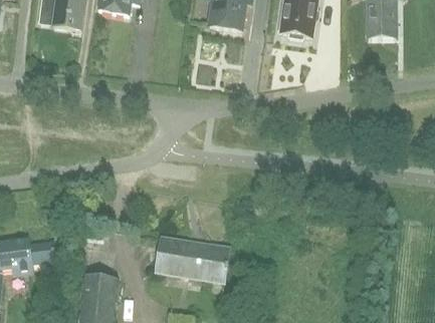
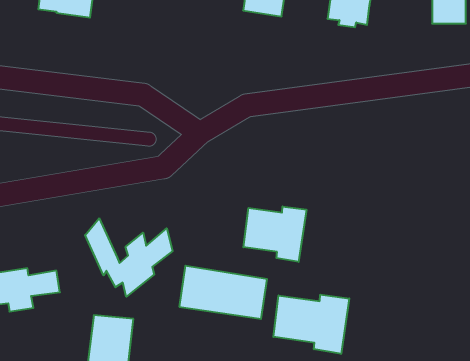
building: none -> [243,206,306,262]
building: none -> [85,218,173,297]
building: none -> [273,295,349,354]

